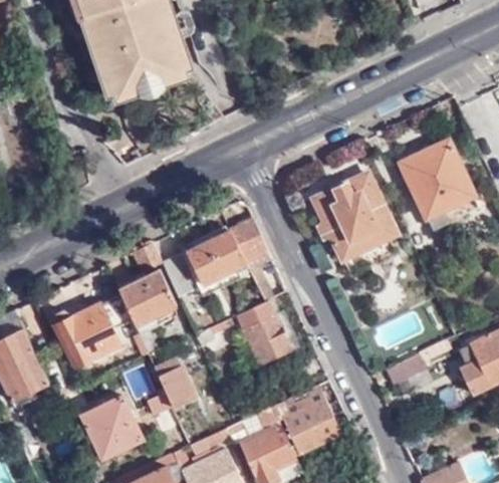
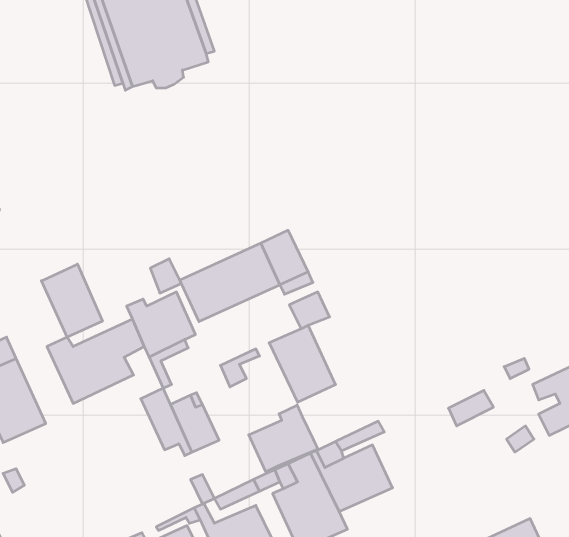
building: [398,141,480,232] -> none
building: [314,177,396,273] -> none
building: none -> [41,264,102,337]
building: none -> [249,405,318,472]
building: [80,397,143,459] -> none

